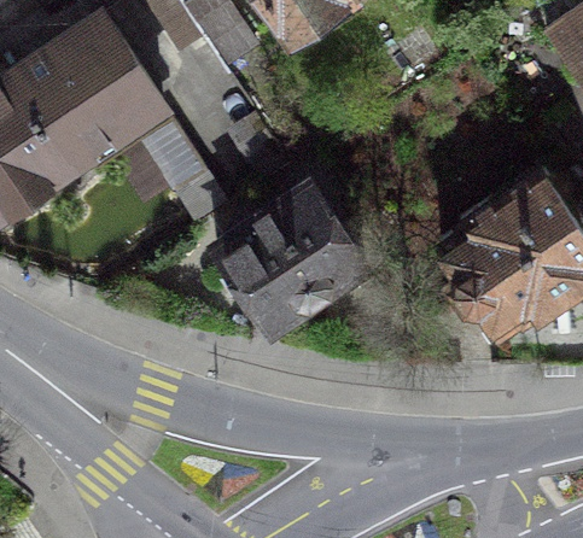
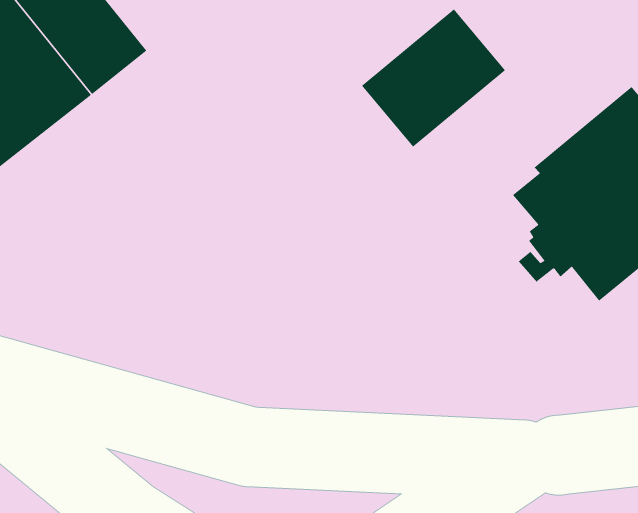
building: none -> [361,8,506,148]
building: [215,182,365,329] -> none

